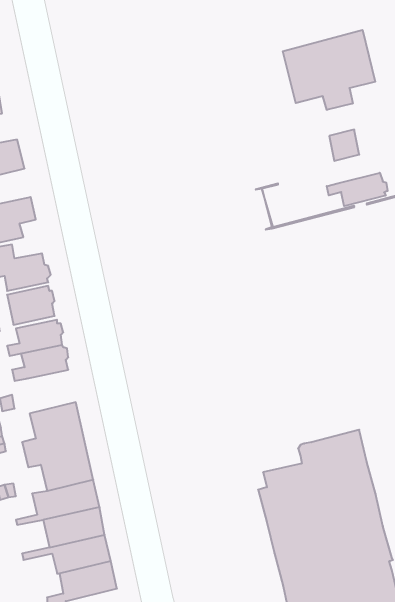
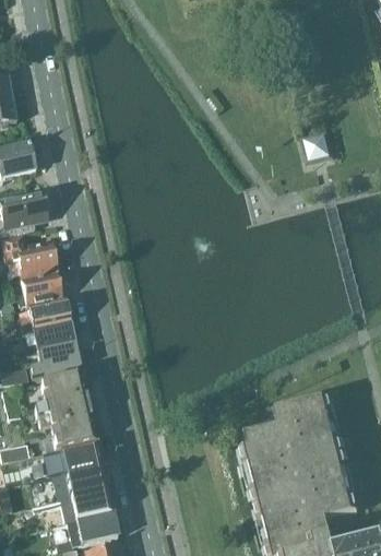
building: [283,30,375,110] -> none
building: [327,173,388,206] -> none
building: none -> [31,344,81,377]

